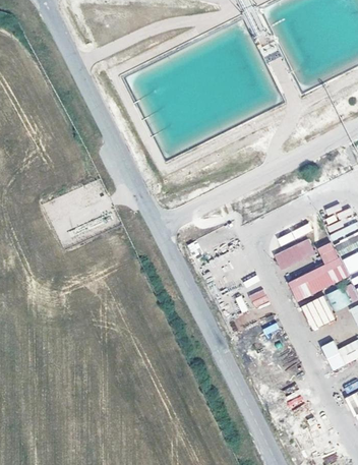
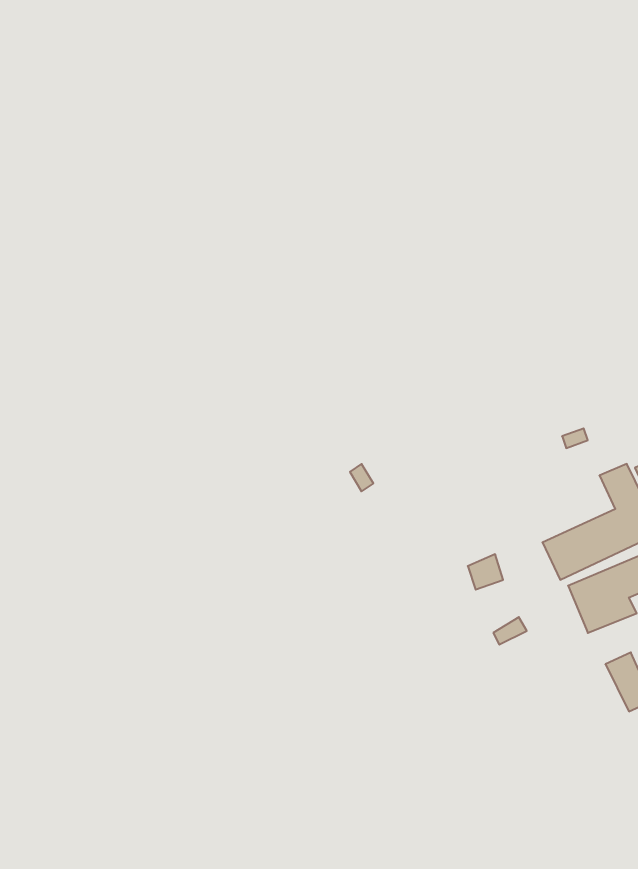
building: [275,239,315,270] -> none

